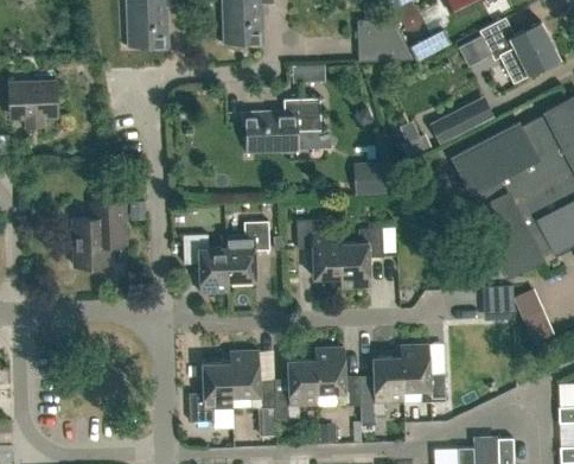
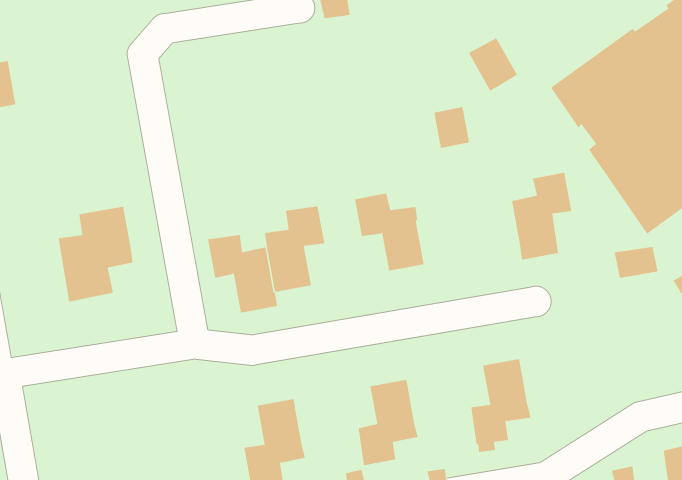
building: [247,97,321,155] -> none
building: [430,107,472,142] -> none
building: [340,227,384,287] -> [511,172,572,260]
building: [401,343,446,401] -> none
building: [315,347,361,405] -> none
building: [230,349,275,408] -> none

